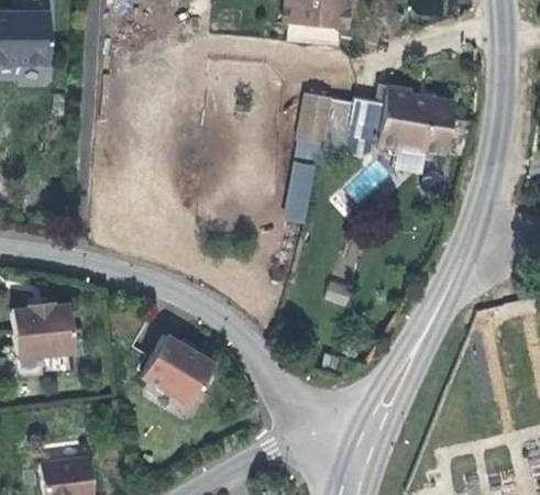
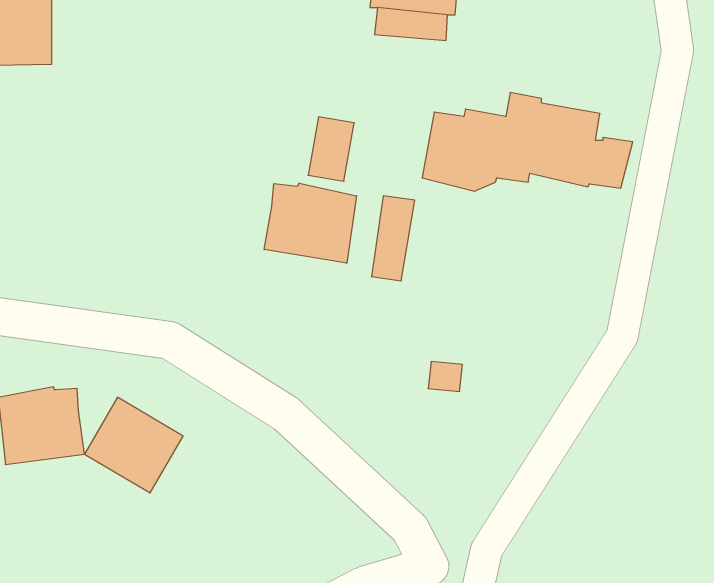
building: [297,95,331,142] -> [308,117,354,181]
building: none -> [264,183,357,263]
building: [141,334,213,405] -> [85,397,183,493]

